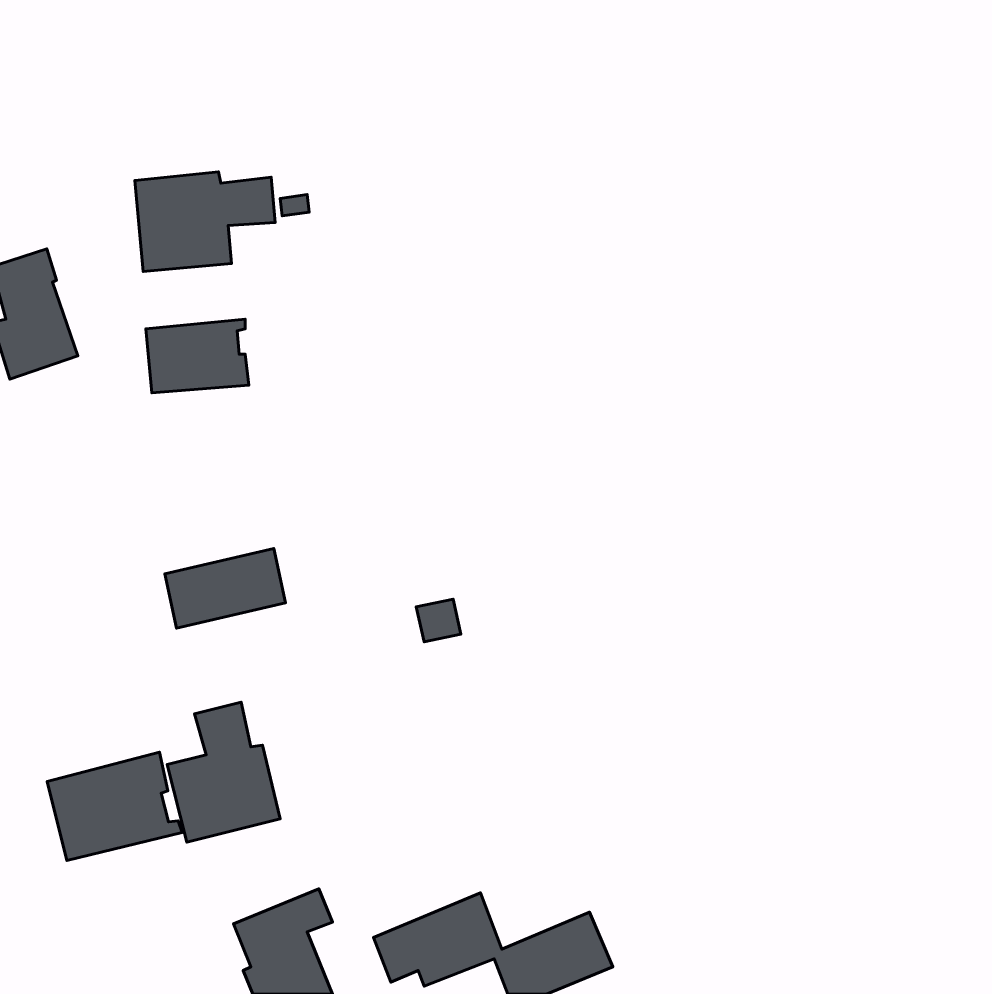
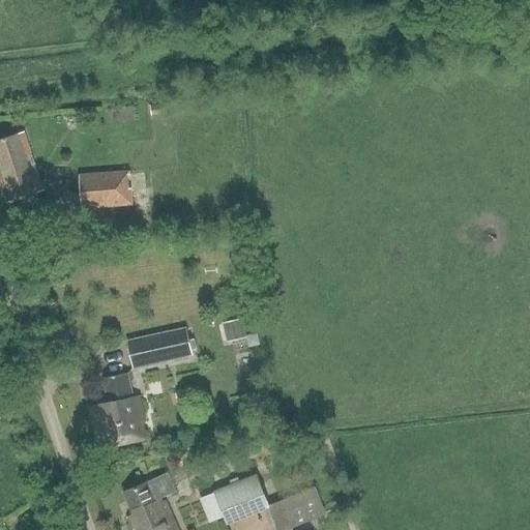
building: [135,172,275,271] -> none
building: [165,548,285,628] -> [127,327,192,370]
building: [47,752,182,860] -> none

